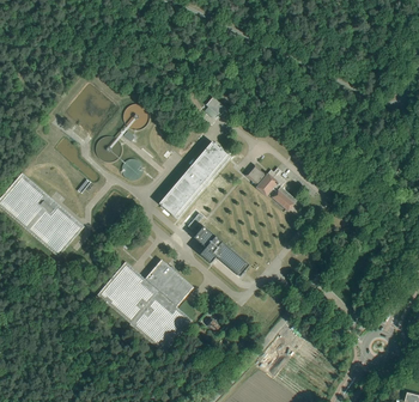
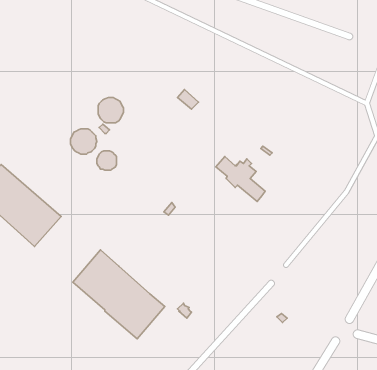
building: [158,141,230,220] -> none
building: [193,226,249,278] -> none
building: [144,260,193,307] -> none

